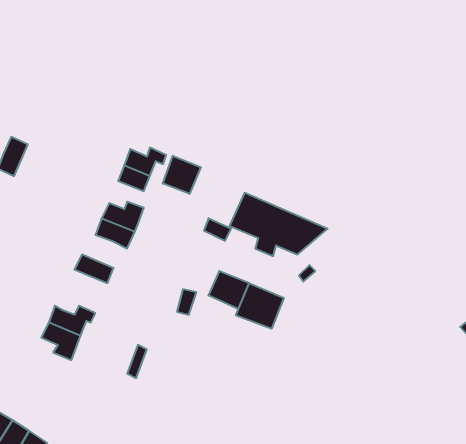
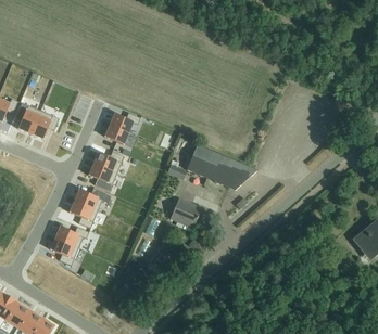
building: none -> [30,111,59,139]
building: [163,156,201,194] -> none
building: none -> [70,201,98,229]
building: [236,283,284,329] -> none

